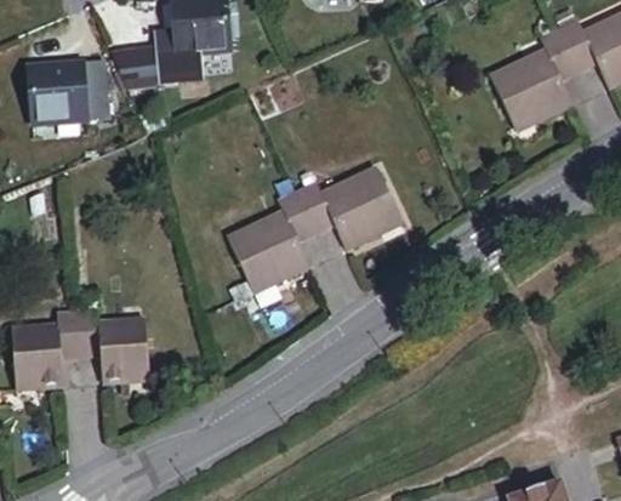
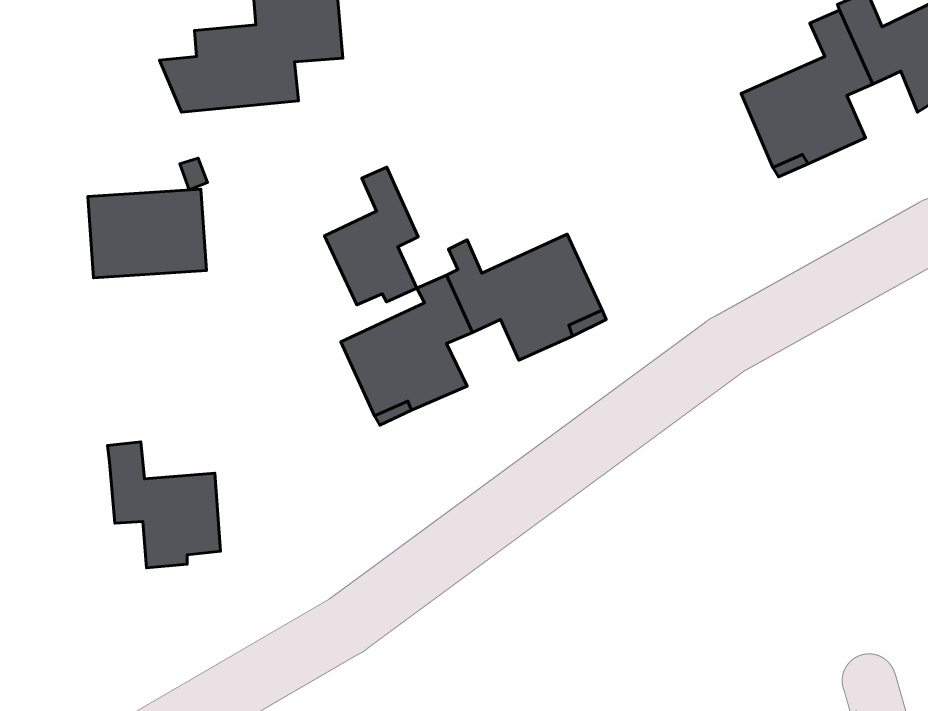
building: [28,63,106,121] -> [88,189,206,278]
building: none -> [324,167,418,305]
building: [10,315,80,388] -> none

